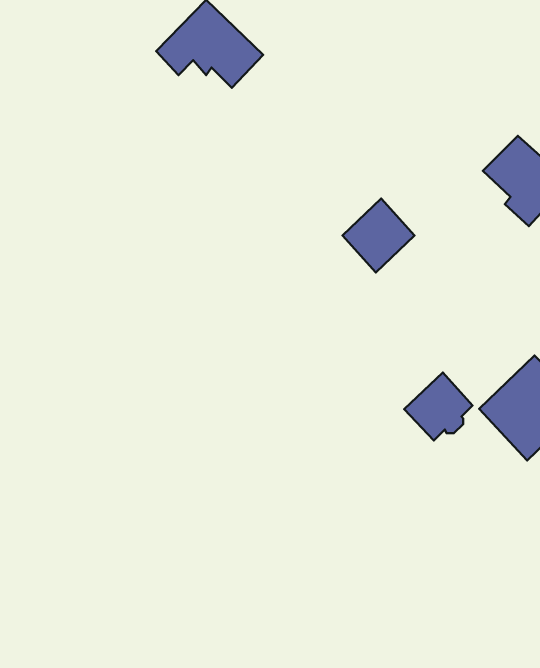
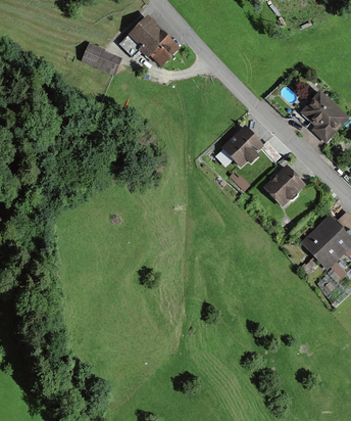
building: none -> [80,43,121,75]
building: [404,372,472,441] -> [263,167,301,204]

